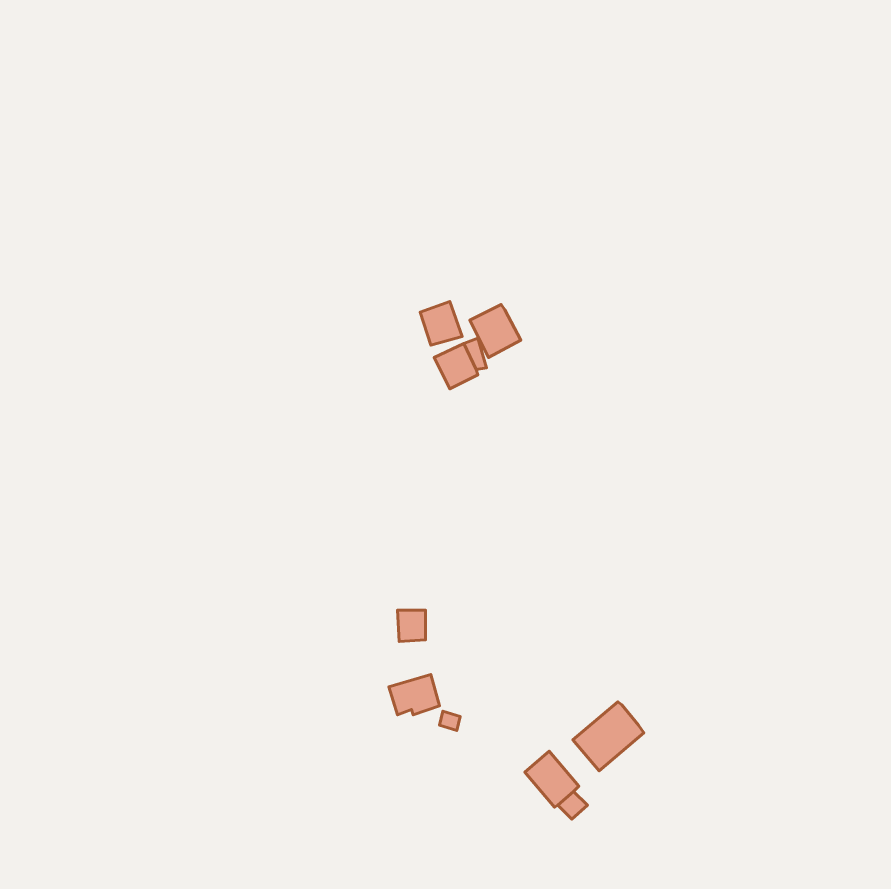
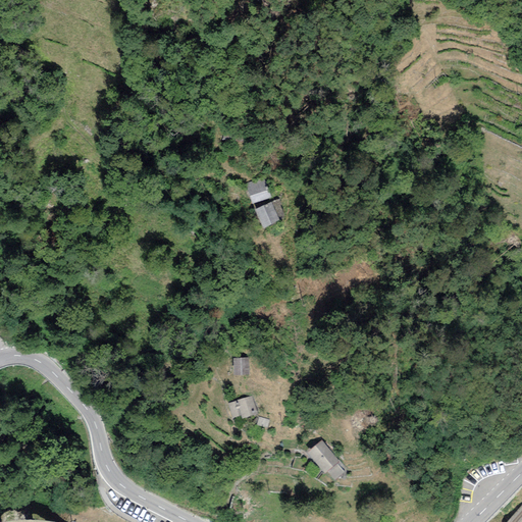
building: [470,305,521,357] -> none
building: [573,702,644,771] -> none

